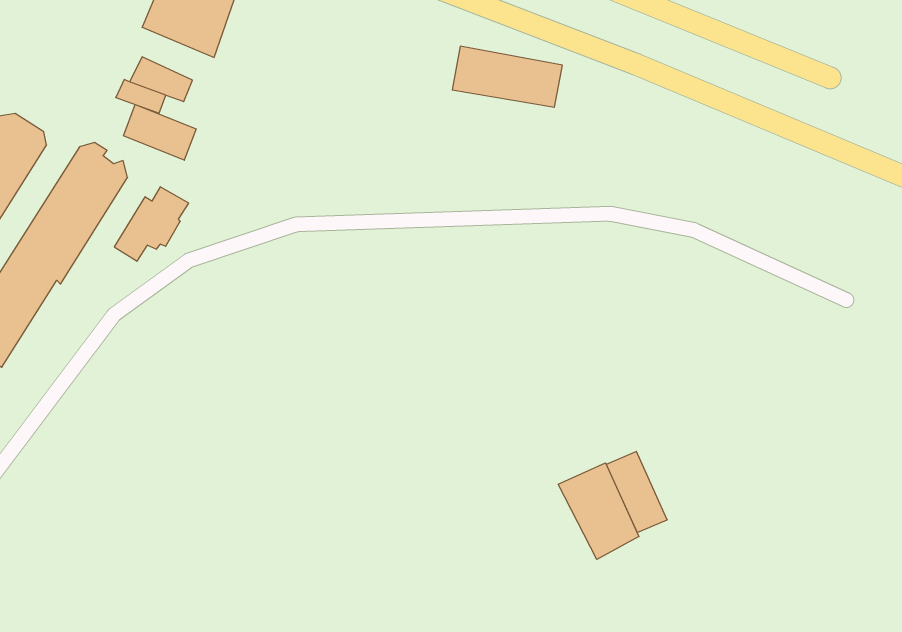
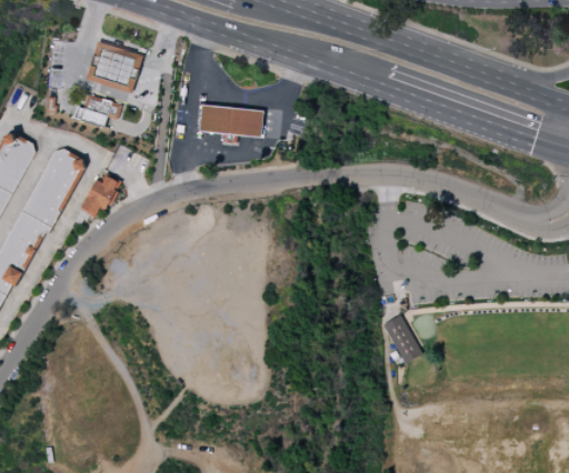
building: [452,46,562,107] -> [201,104,267,138]
building: [123,105,196,160] -> none
building: [558,463,639,559] -> none

